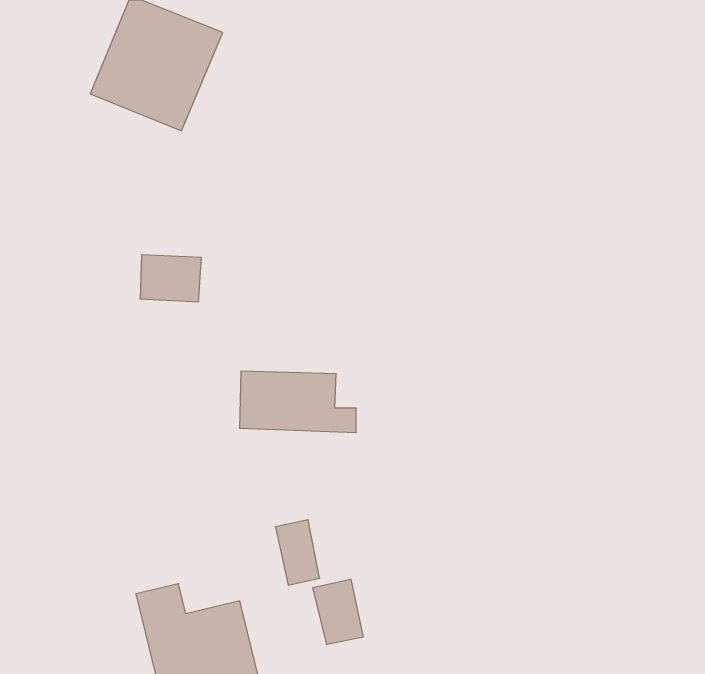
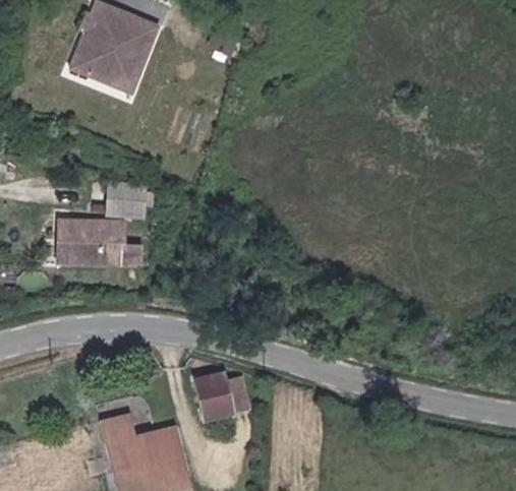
building: [239,371,356,432] -> [60,221,144,264]
building: [313,579,363,645] -> none

